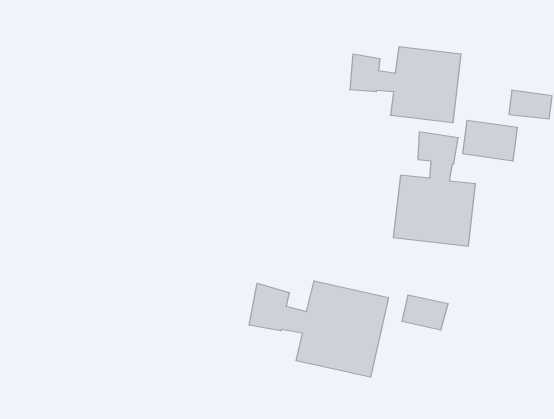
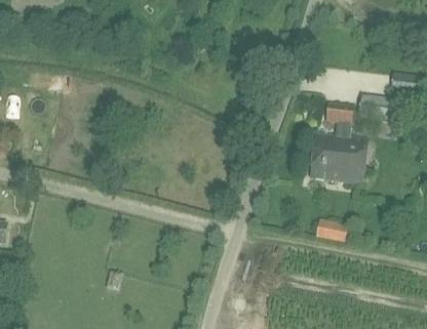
building: [350,47,461,123] -> none
building: [249,281,388,377] -> none

